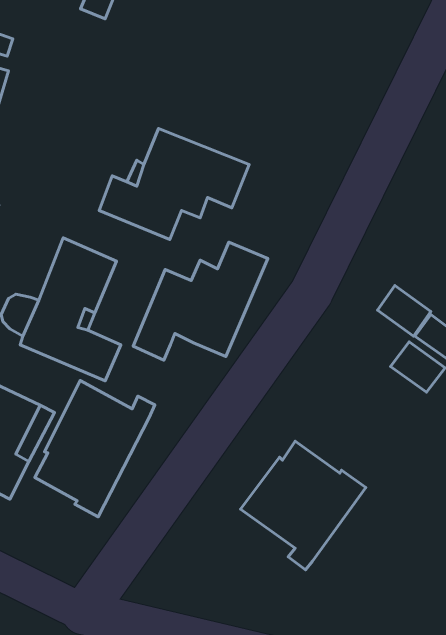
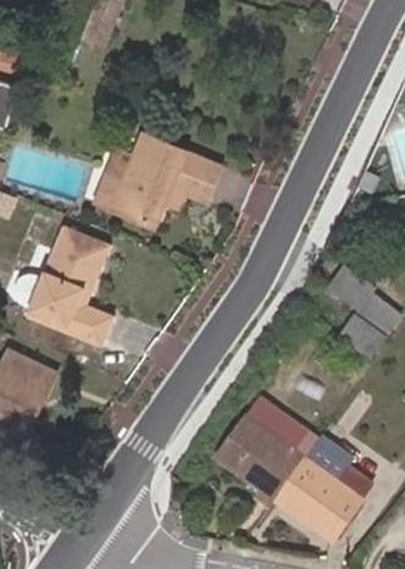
building: [133,242,268,360] -> none
building: [35,381,155,517] -> none
building: none -> [273,434,372,542]

